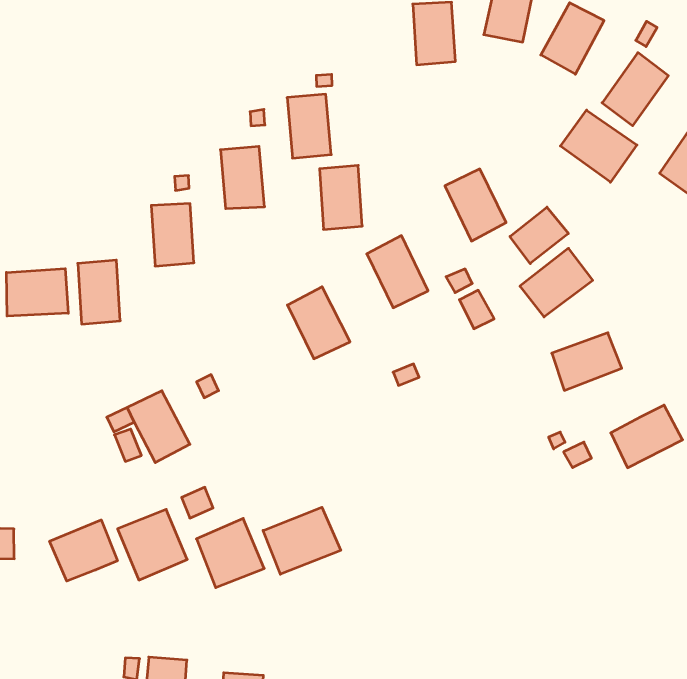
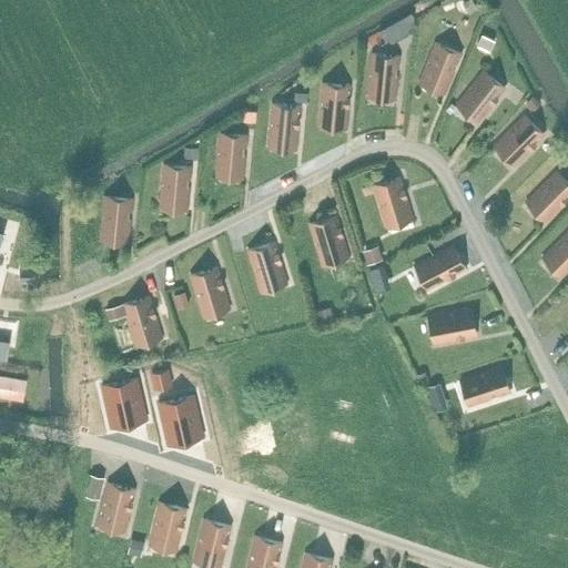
building: [560,110,637,182] -> none
building: [320,165,362,229] -> [317,84,349,130]
building: [510,207,568,264] -> none
building: [6,269,68,316] -> none
building: none -> [190,268,230,317]
building: [263,507,341,574] -> none
building: [50,520,117,581] -> none

